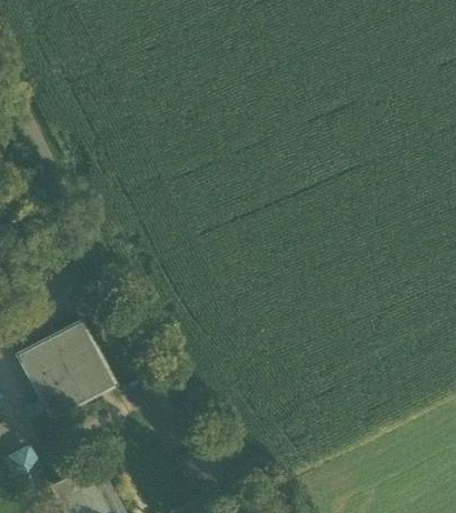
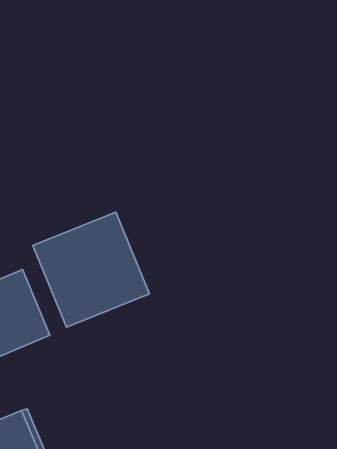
building: none -> [33,212,149,327]

